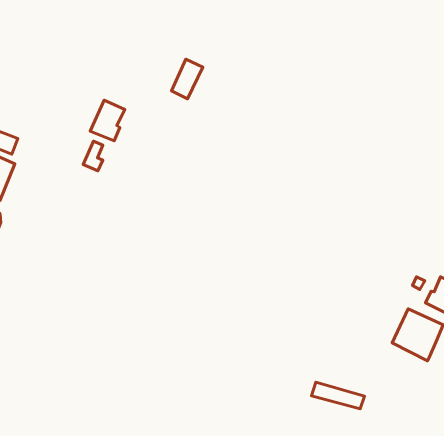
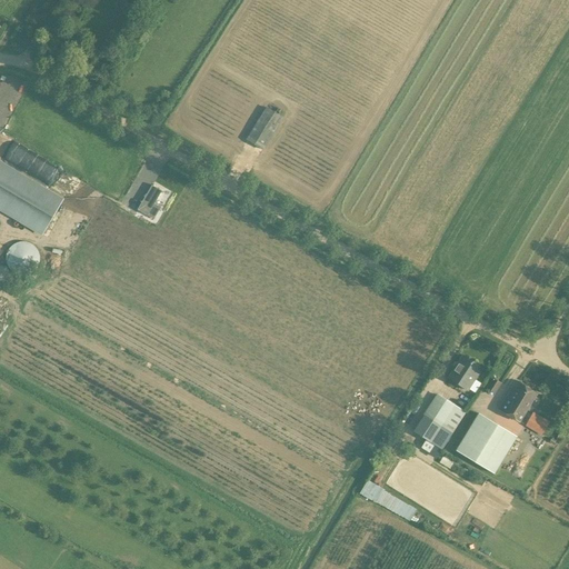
building: [90,100,125,141] -> none
building: none -> [447,355,481,389]
building: none -> [412,392,466,449]

